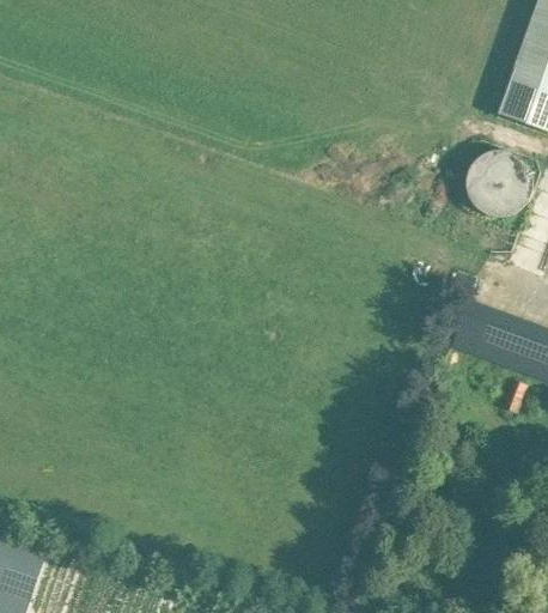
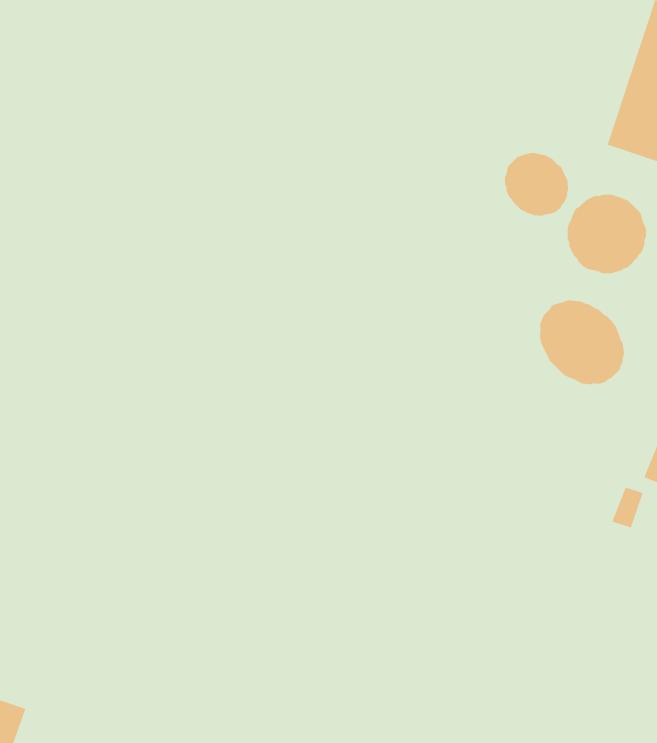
building: none -> [504,152,569,217]
building: none -> [539,300,624,385]

